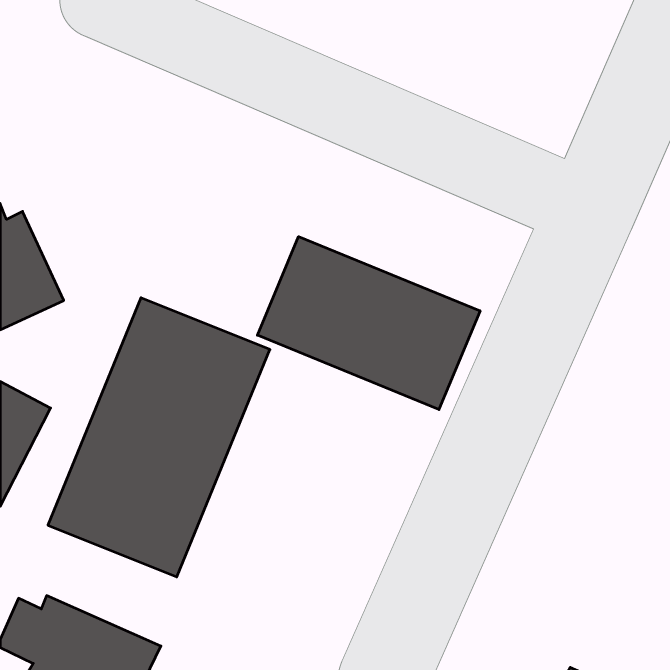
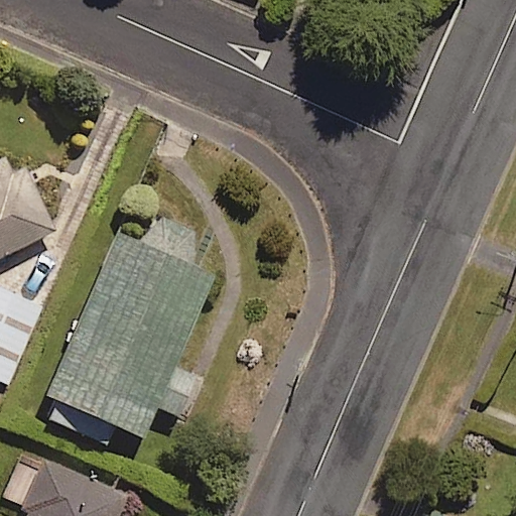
building: [257,237,480,410] -> none

